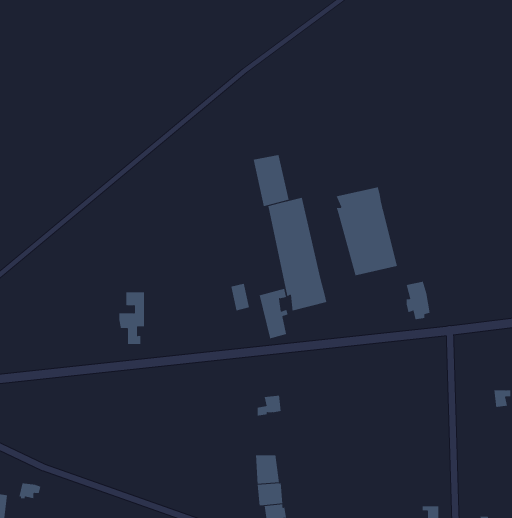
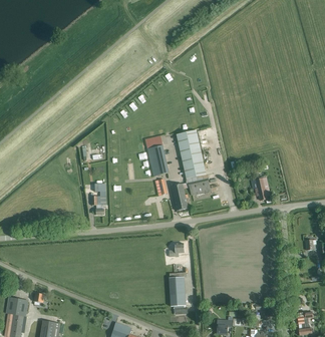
building: [253,154,290,207] -> [147,145,169,176]
building: [336,186,397,276] -> none

